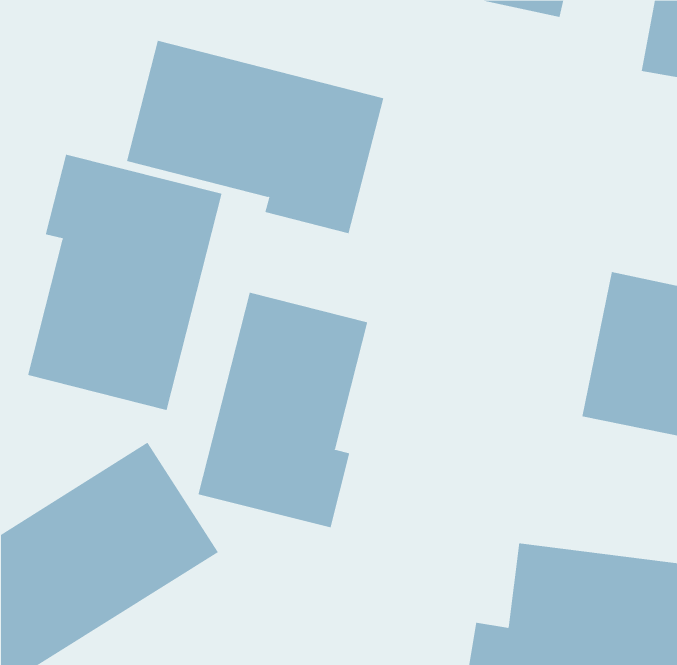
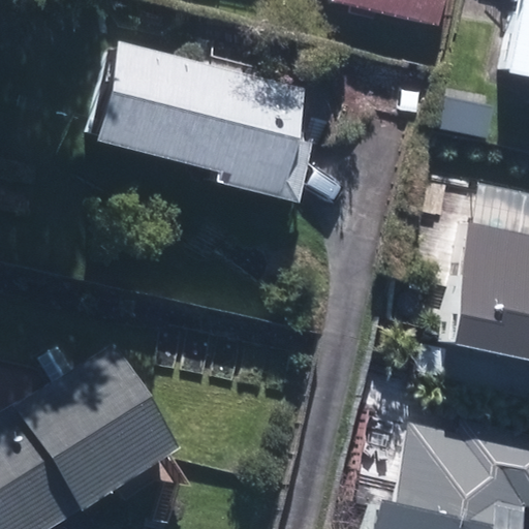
building: [28,154,222,411] -> none
building: [198,292,368,528] -> none

